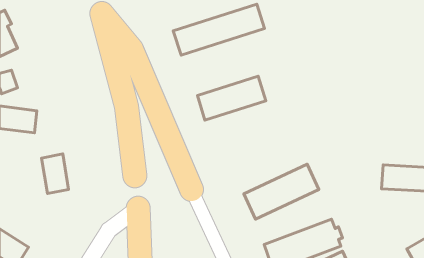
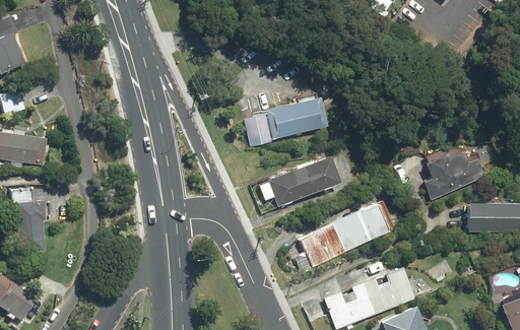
building: [173,4,265,55] -> none
building: none -> [424,146,482,199]
building: none -> [269,155,337,206]
building: [42,154,69,194] -> [12,197,45,245]

